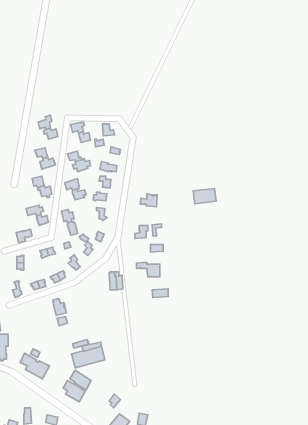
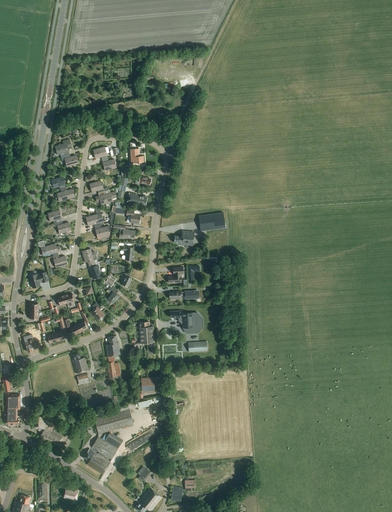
building: [193,188,216,204] -> [198,213,225,231]
building: none -> [105,336,122,378]

